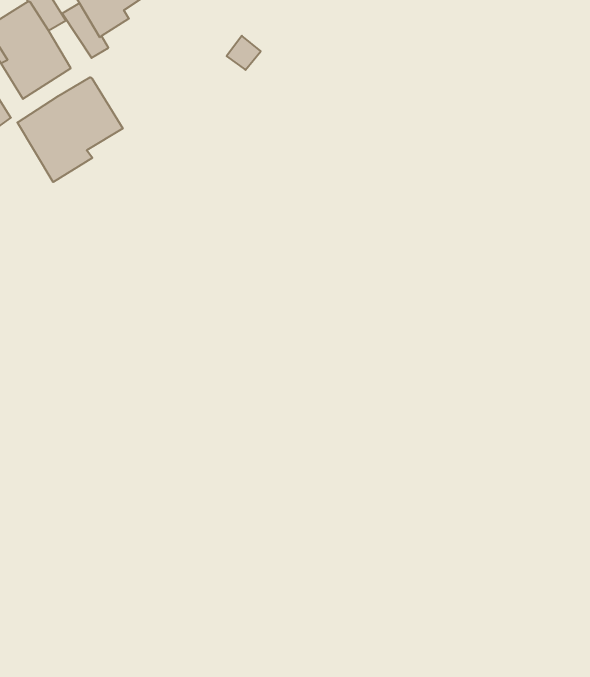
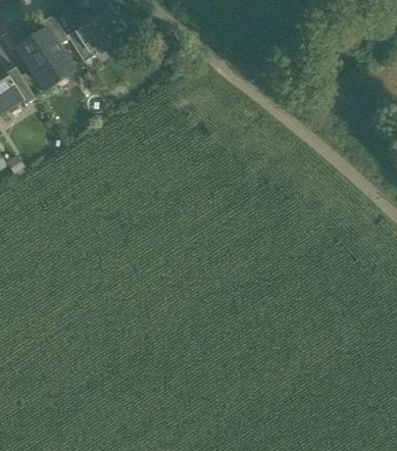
building: [17,77,123,182] -> none

